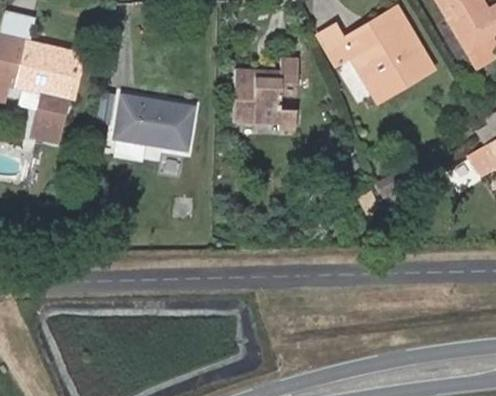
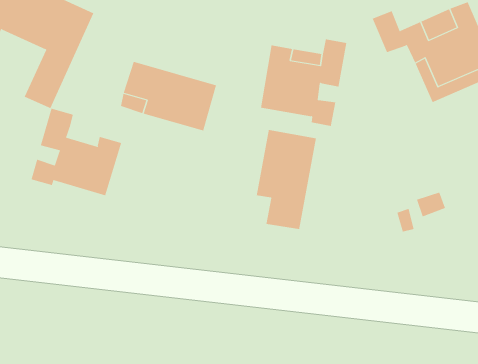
building: none -> [256,129,317,230]
building: none -> [31,108,122,196]

